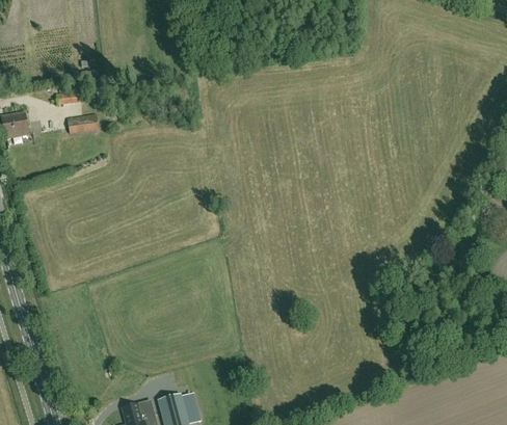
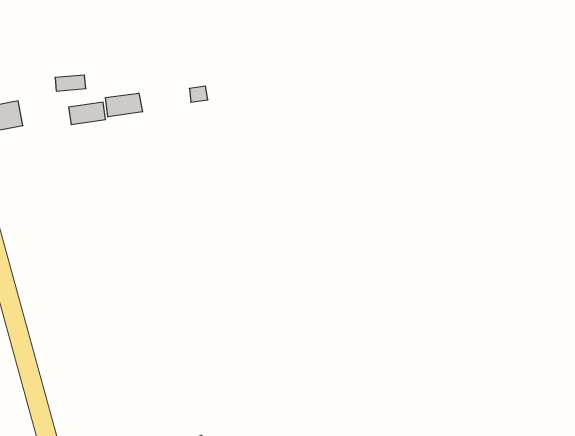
building: none -> [106,93,142,117]

